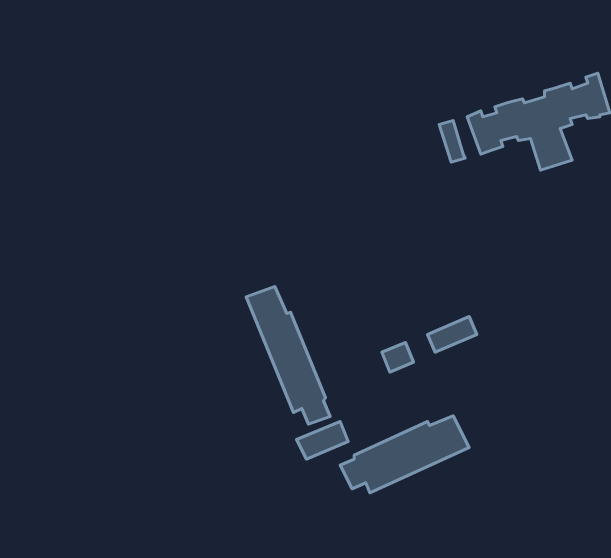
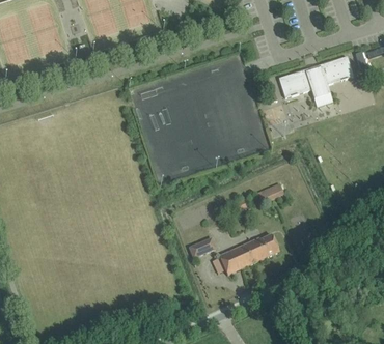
building: [246,287,330,424] -> none

